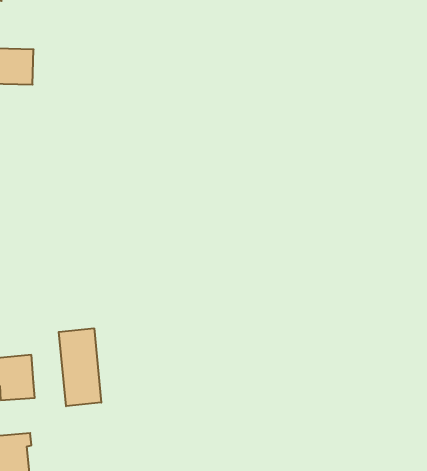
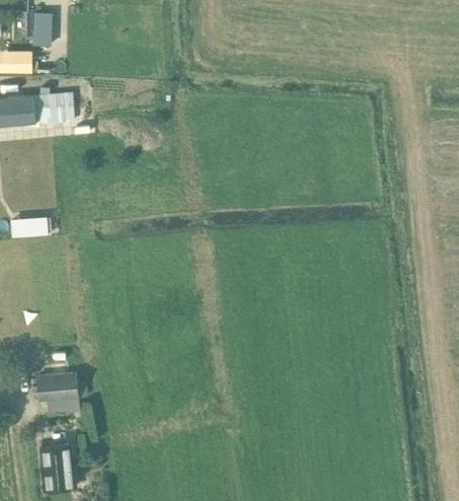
building: [59,328,101,406] -> none

